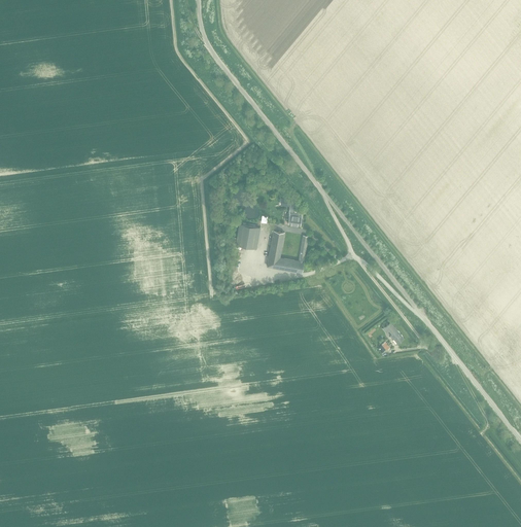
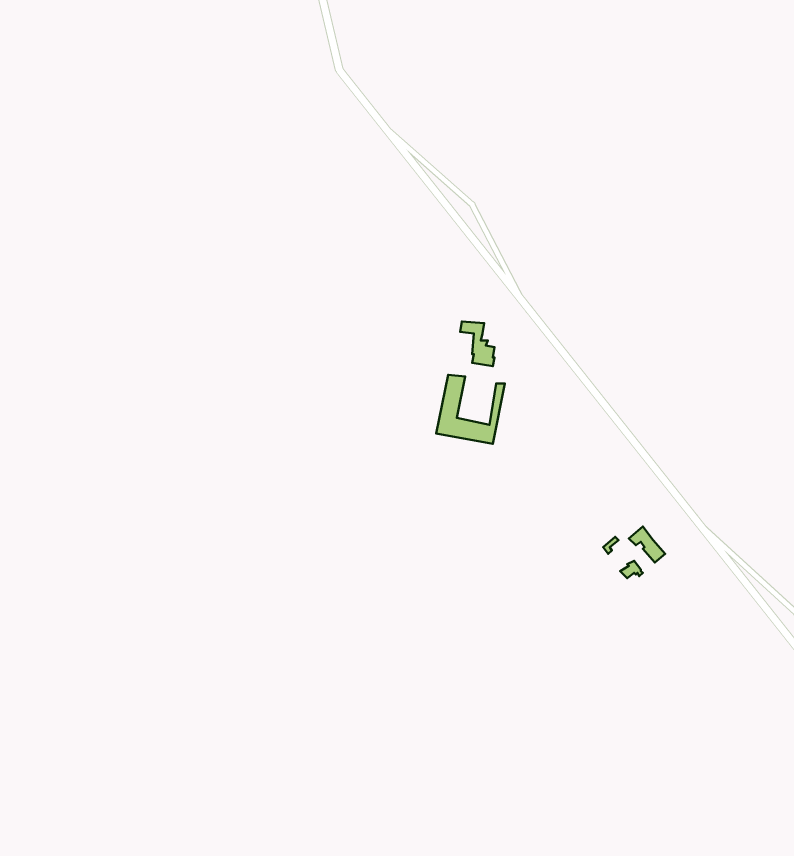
building: [234,223,258,247] -> none

